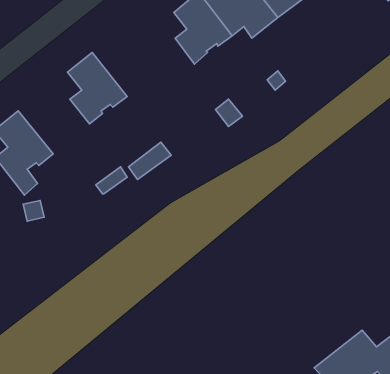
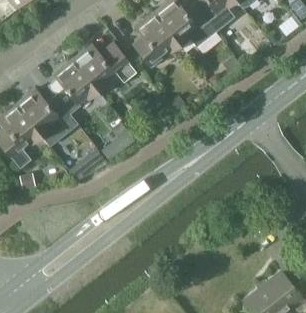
building: none -> [72,41,136,93]
building: none -> [15,89,77,137]

